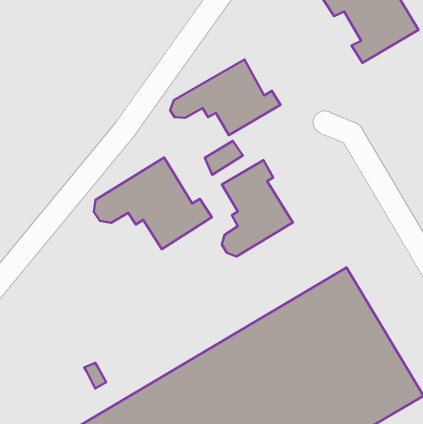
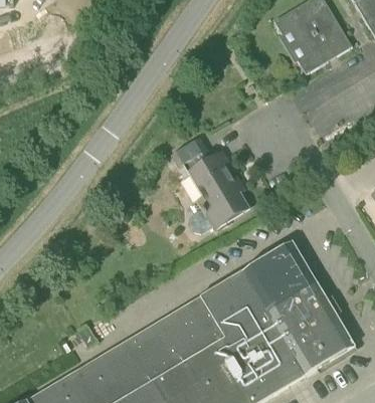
building: [170,60,280,135] -> none
building: [94,157,212,249] -> none

